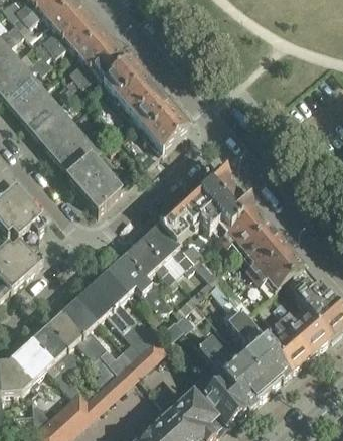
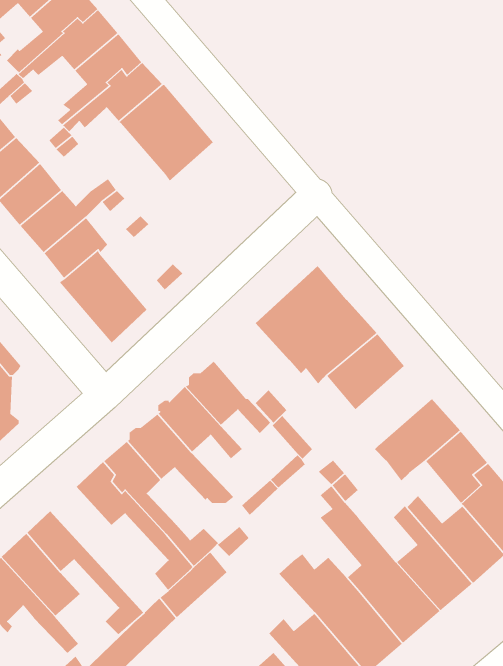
building: [113,94,189,151] -> none
building: [159,200,203,245] -> none
building: [242,226,288,272] -> none
building: [62,297,132,372] -> none

